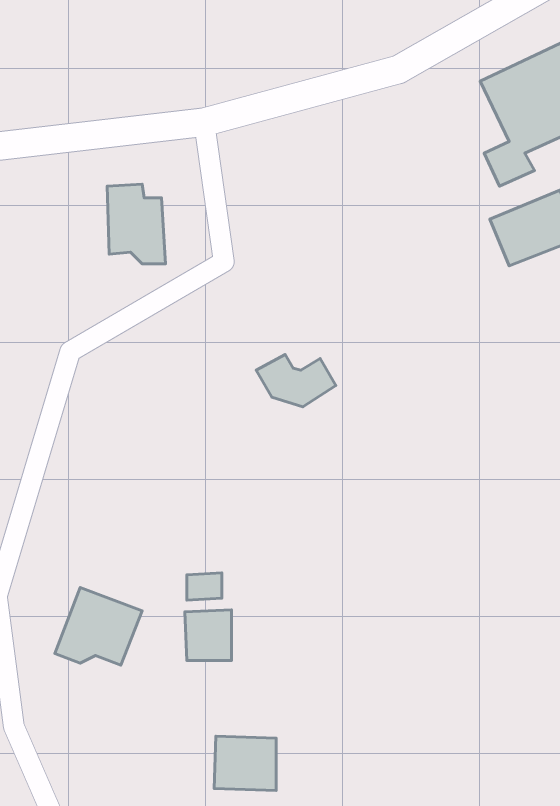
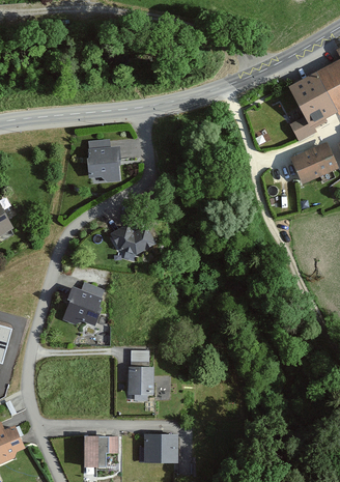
building: [256,355,336,407] -> [111,224,153,252]
building: [55,587,142,665] -> [60,285,107,327]
building: none -> [83,436,117,466]

